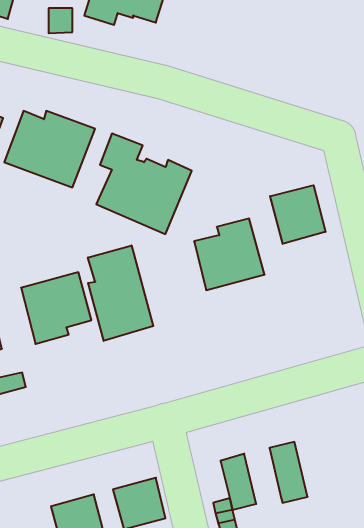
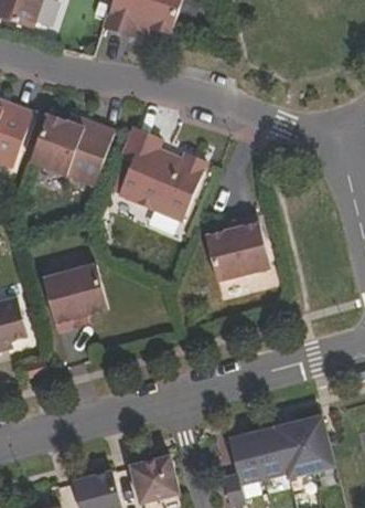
building: [270,185,326,244] -> none
building: [88,245,153,341] -> none
building: none -> [298,414,334,472]
building: none -> [251,426,286,478]

